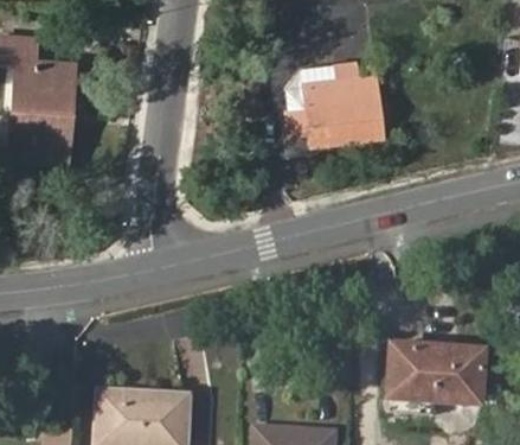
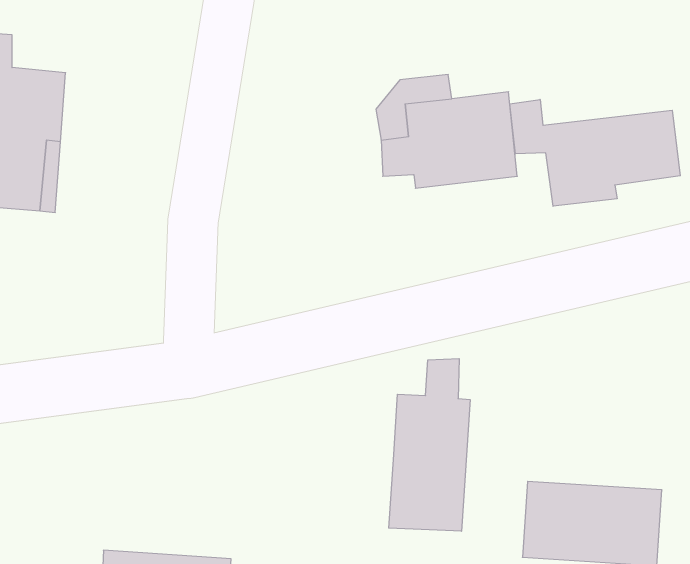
building: none -> [510,99,680,206]
building: none -> [389,359,470,531]

